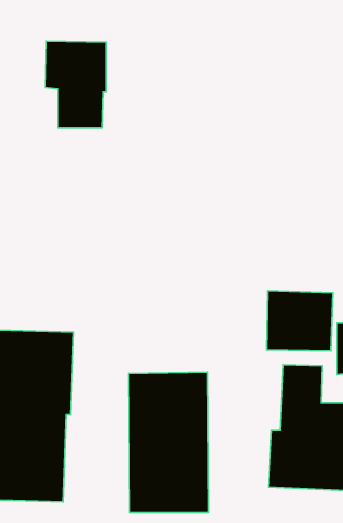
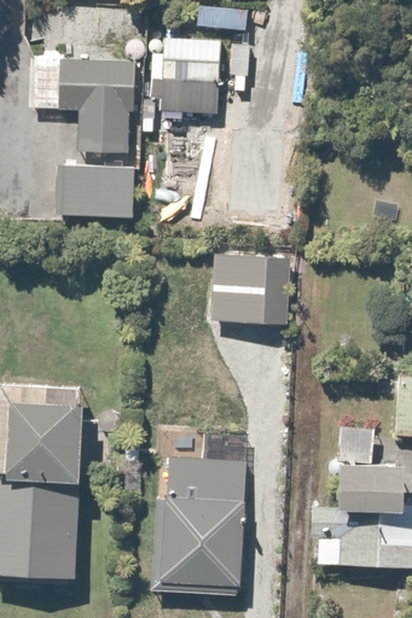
building: none -> [140,39,213,113]
building: none -> [59,165,132,220]
building: [267,291,333,351] -> [210,255,286,323]

